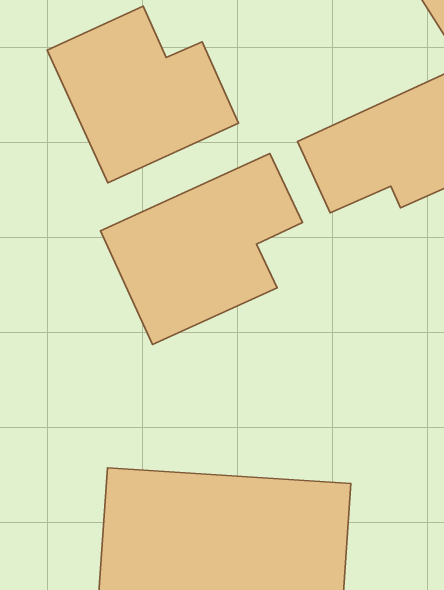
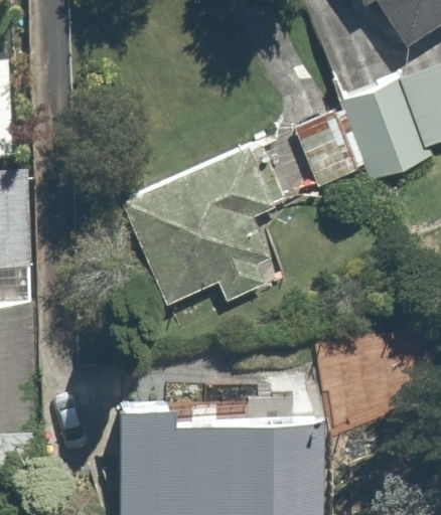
building: [47,6,238,183] -> none

